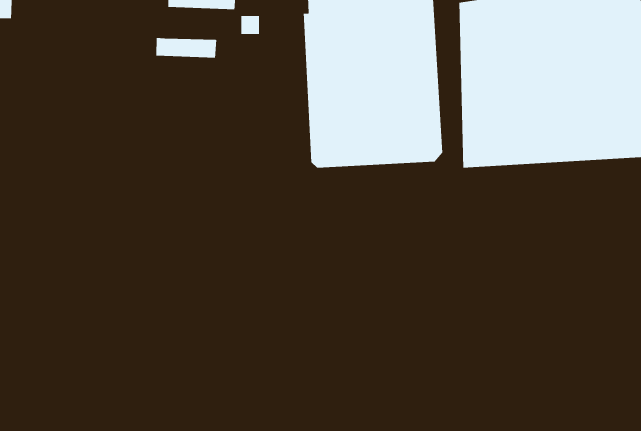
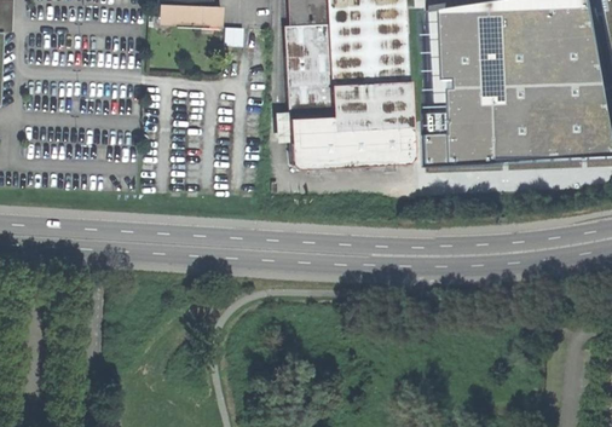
building: [156,37,217,59] -> none

